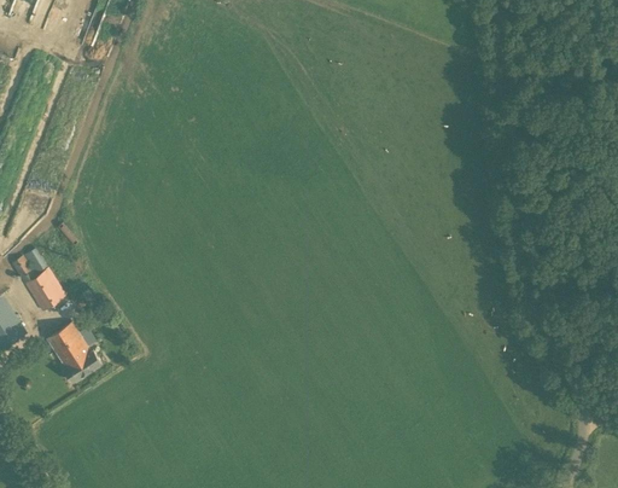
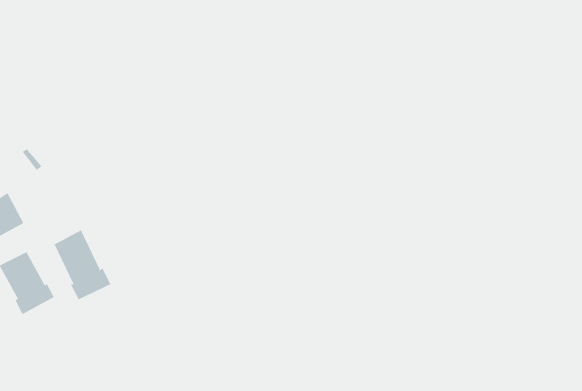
building: none -> [54,230,111,300]

